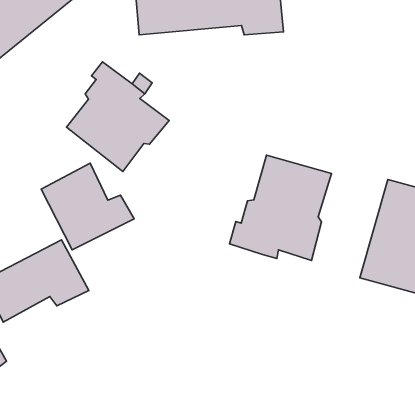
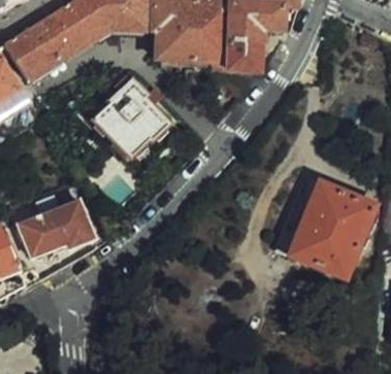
building: [230,155,331,260] -> none
building: [41,163,134,250] -> none

